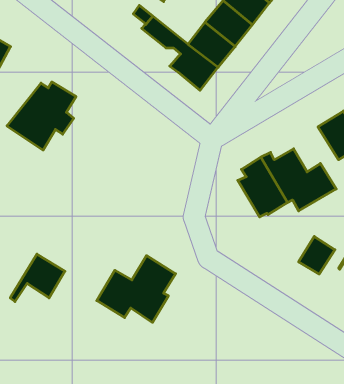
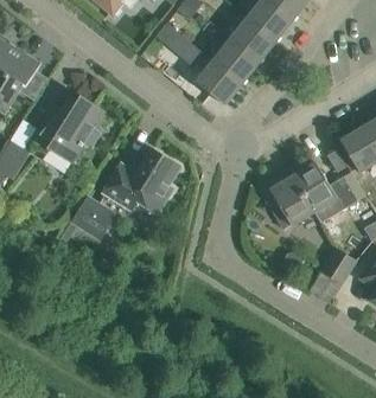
building: [10,254,65,302] -> [60,195,114,242]
building: [97,256,176,322] -> [102,148,179,213]

